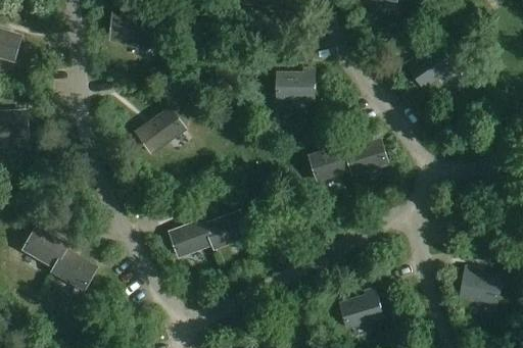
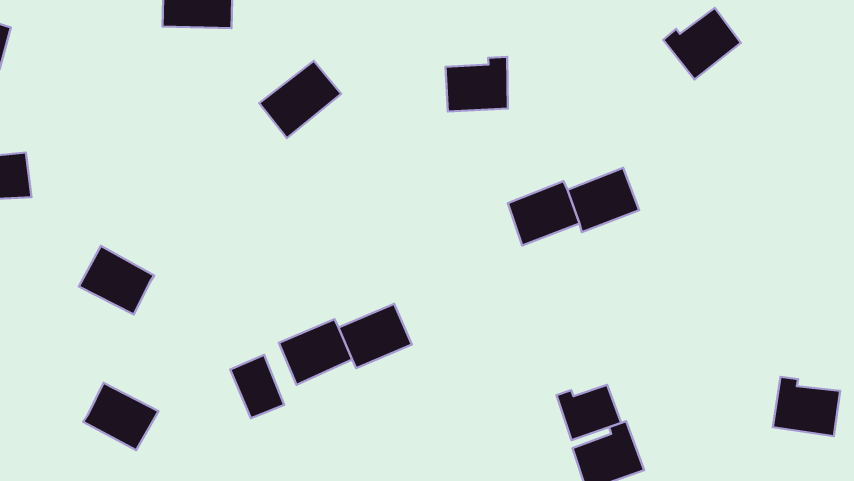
building: [136,109,185,154] -> [259,61,341,138]
building: [22,227,67,268] -> [79,246,154,315]
building: none -> [230,355,284,418]
building: none -> [556,385,621,440]

